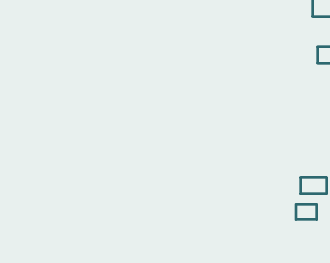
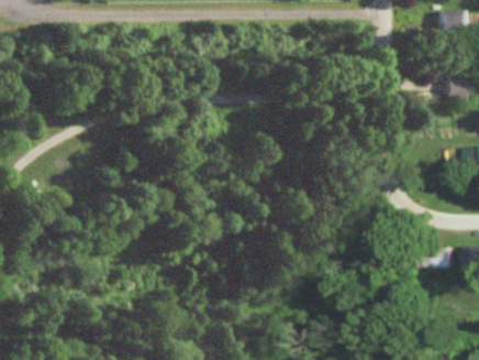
building: [296,204,317,220] -> none

